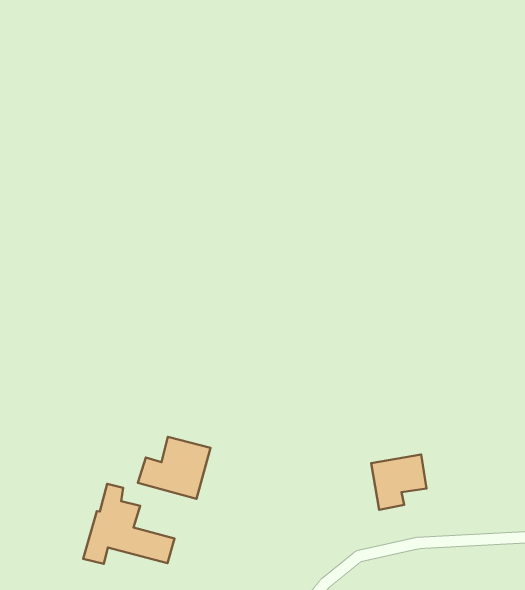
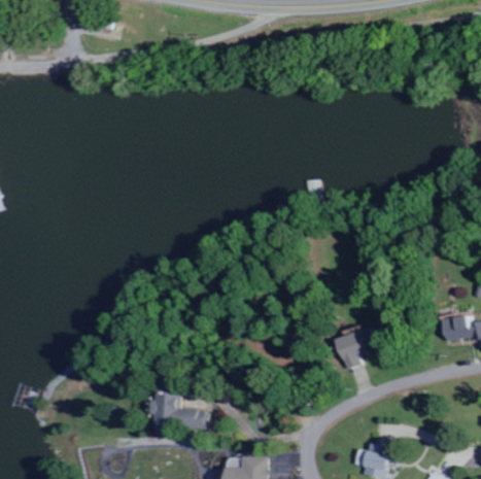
building: [138,437,211,499] -> none

